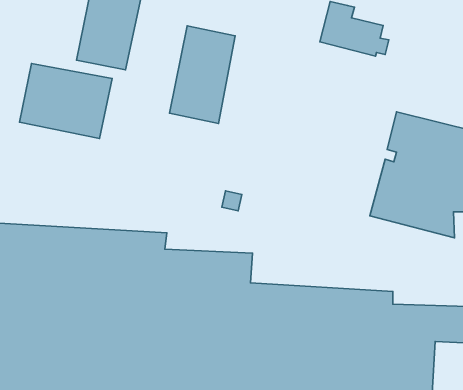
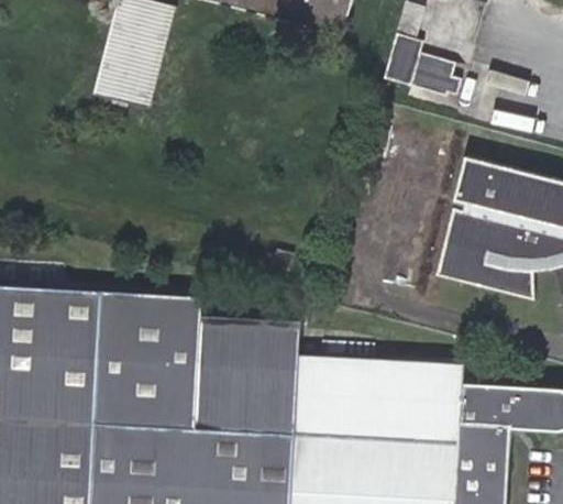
building: [169,26,235,123] -> none
building: [19,63,112,138] -> none

